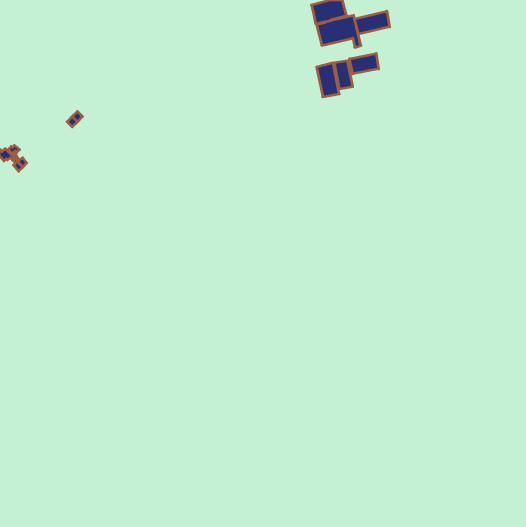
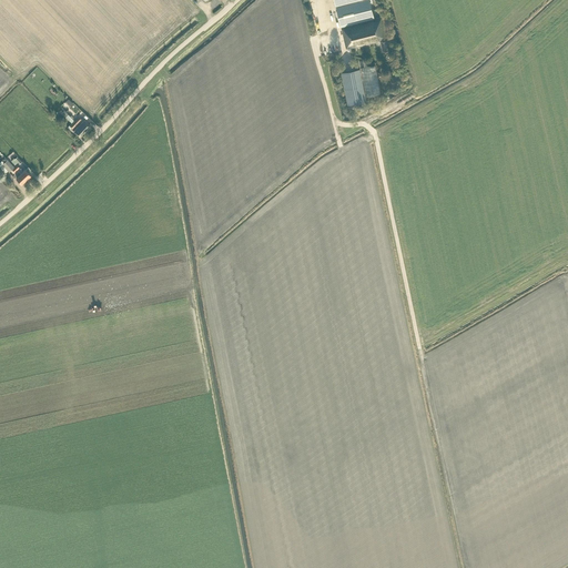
building: [355,11,390,34] -> none
building: [350,53,379,74] -> none

